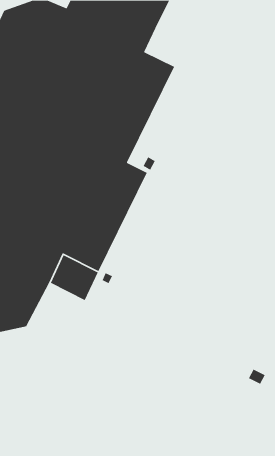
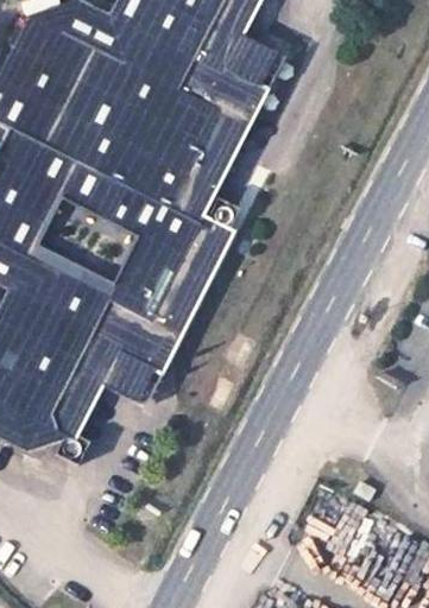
building: none -> [226,33,284,90]

